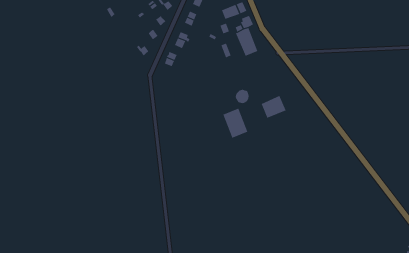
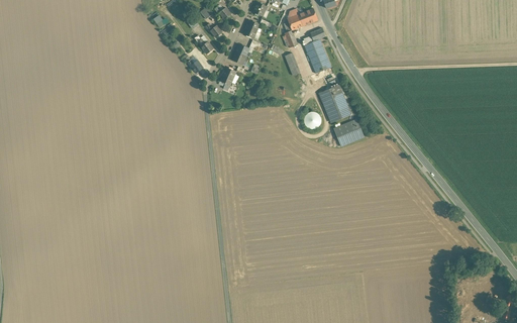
building: [222,108,248,139] -> [319,85,349,121]

